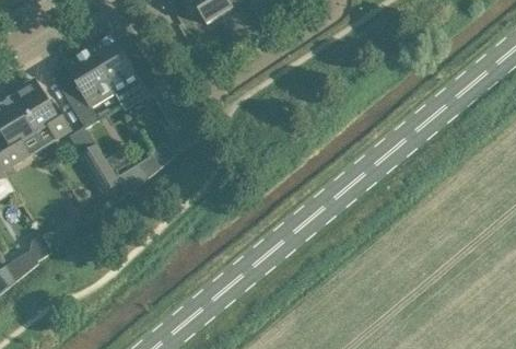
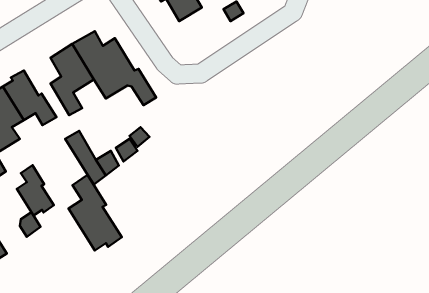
building: none -> [17,165,54,215]
building: none -> [69,175,122,250]

